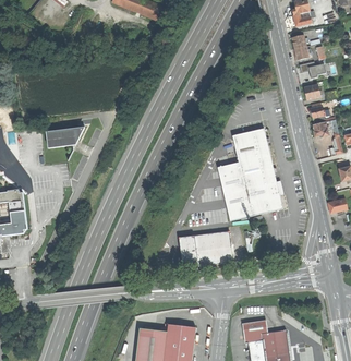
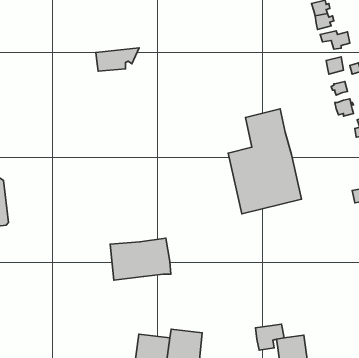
building: [47,128,85,148] -> [96,48,139,71]
building: [179,232,232,269] -> [110,238,171,280]

